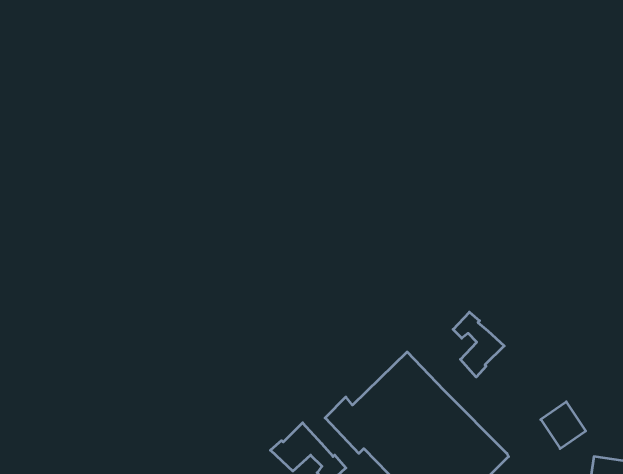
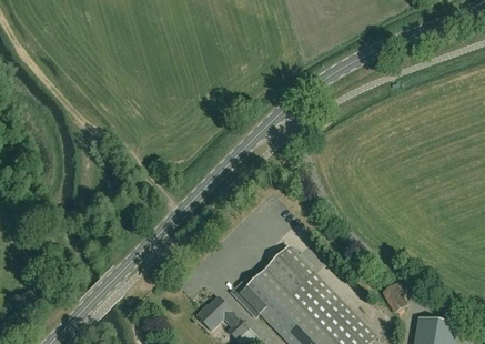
building: [453,312,504,377] -> none

